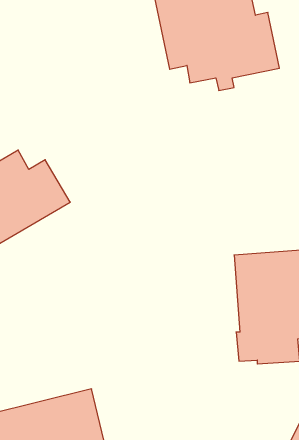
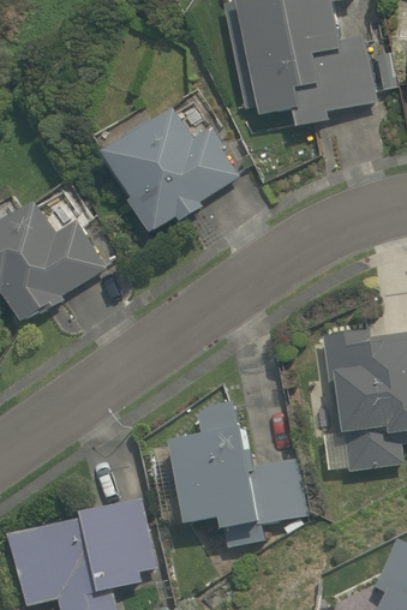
building: none -> [109,118,232,238]
building: none -> [172,424,300,526]

